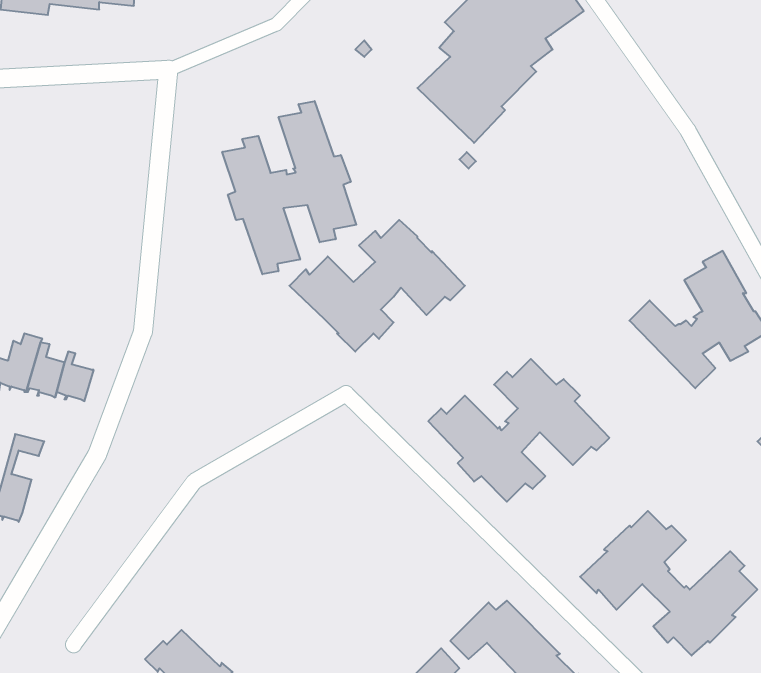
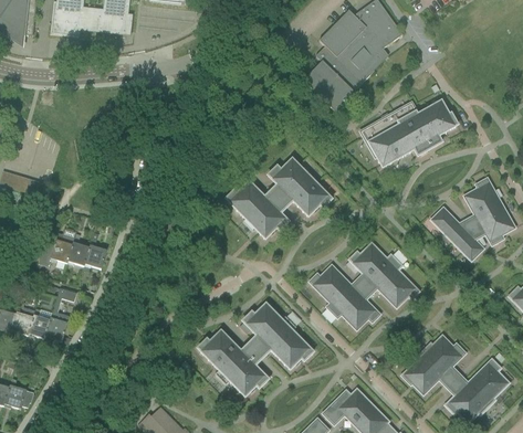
building: [222,101,356,274] -> none
building: none -> [359,101,457,167]
building: none -> [197,304,313,397]

